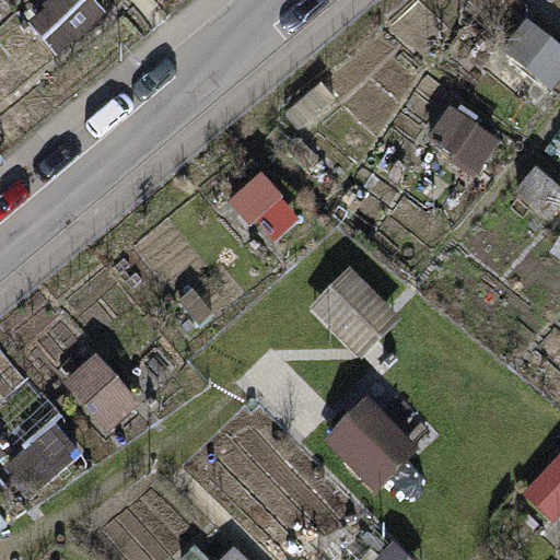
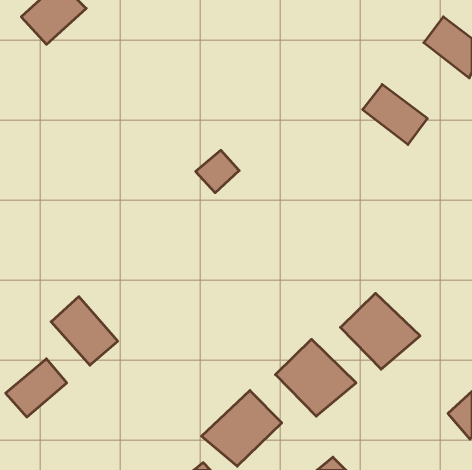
building: [310,267,404,357] -> [340,293,420,369]
building: none -> [202,390,282,466]

